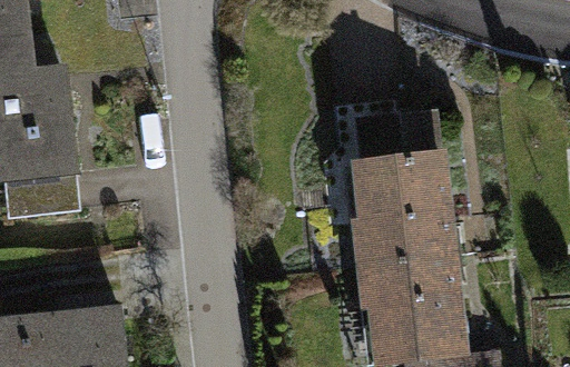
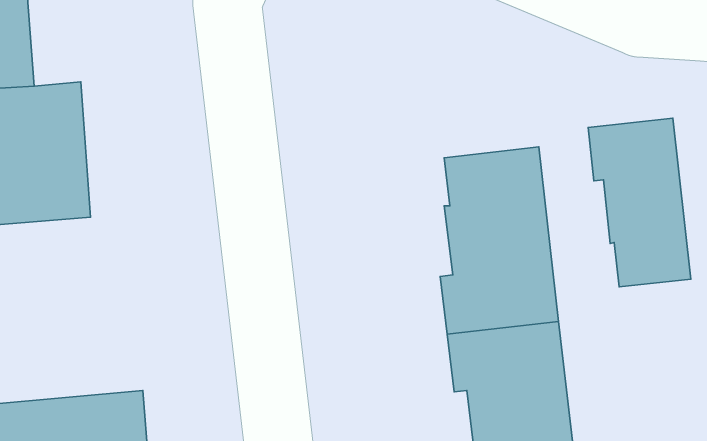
building: none -> [588,118,691,287]

